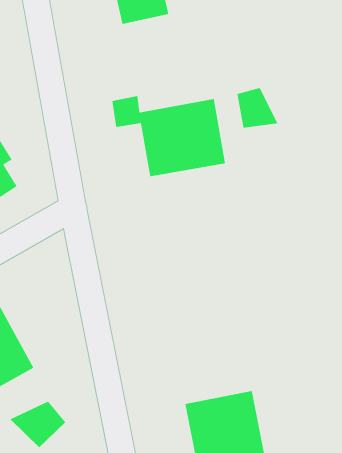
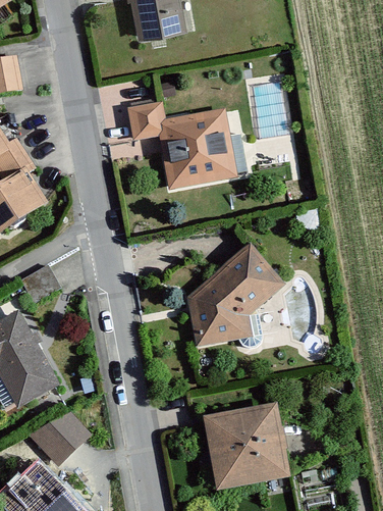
building: [237,87,278,128] -> none
building: none -> [187,244,278,342]

